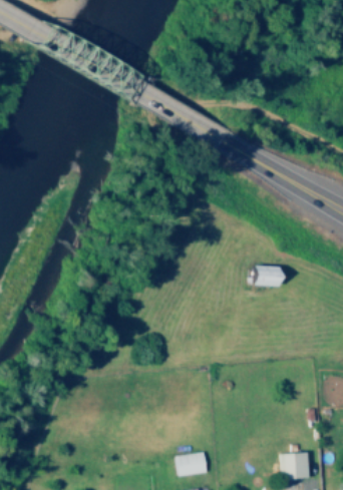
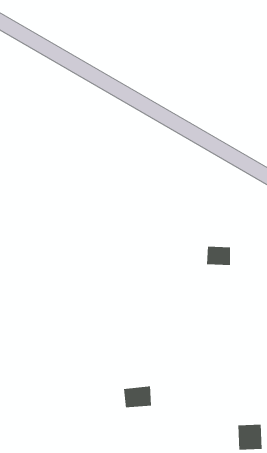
building: [176,452,206,475] -> [123,386,152,408]

